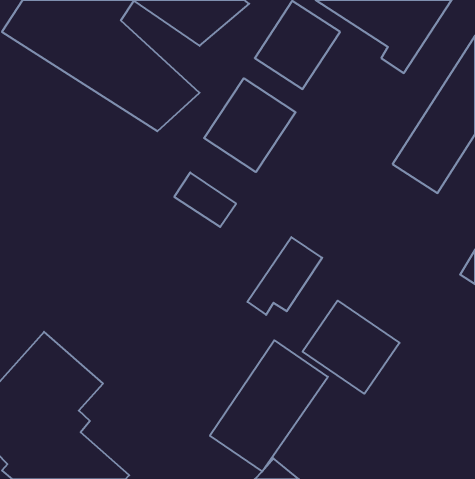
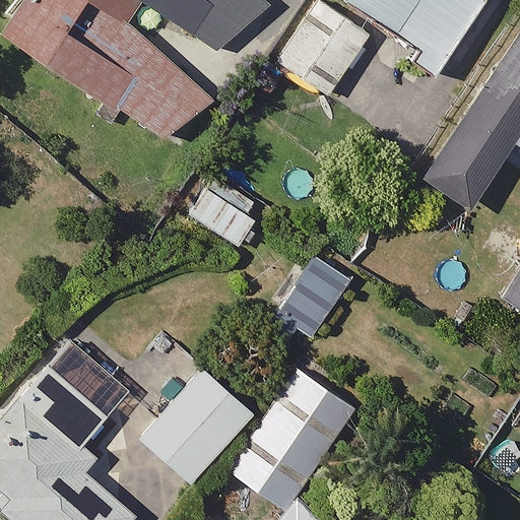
building: [204,78,296,172] -> none
building: [303,301,400,394] -> none
building: none -> [136,365,254,485]

